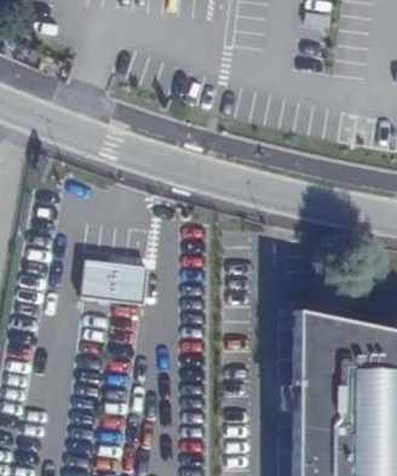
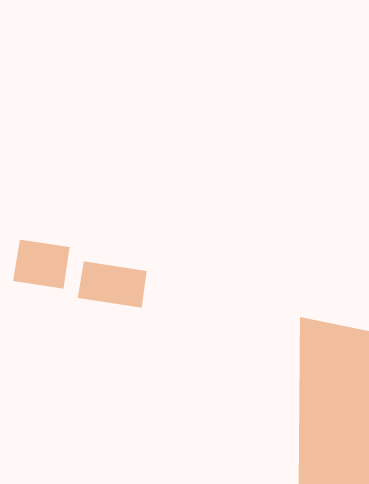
building: none -> [12,239,70,289]

